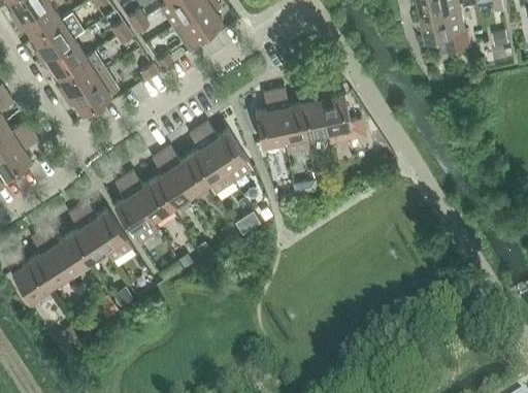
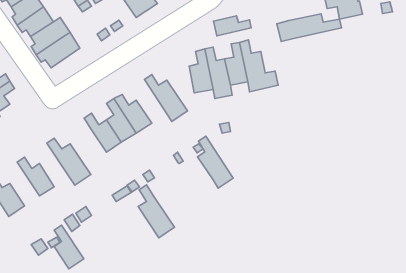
building: none -> [277,14,341,42]
building: none -> [214,16,251,36]
building: [189,129,233,194] -> [198,136,233,188]
building: [113,177,159,243] -> [138,185,175,238]
building: [68,208,105,263] -> none
building: [31,232,68,287] -> [54,225,84,269]

